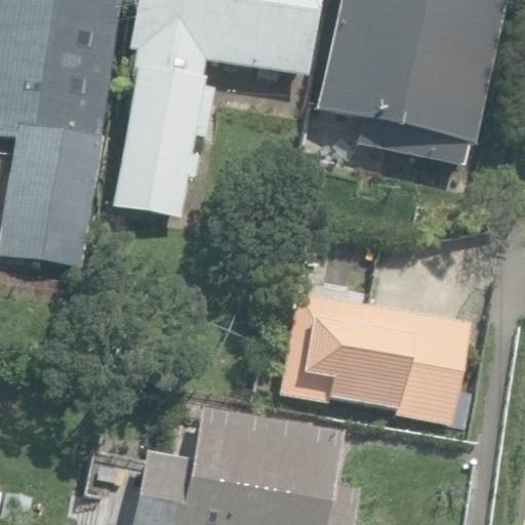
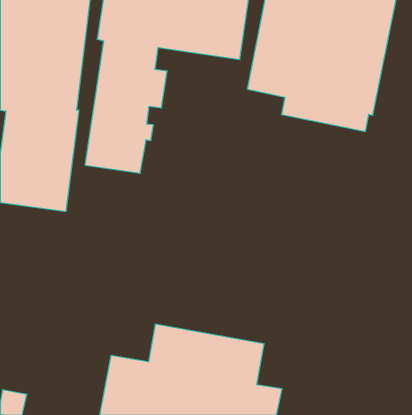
building: [281,289,473,426] -> none

